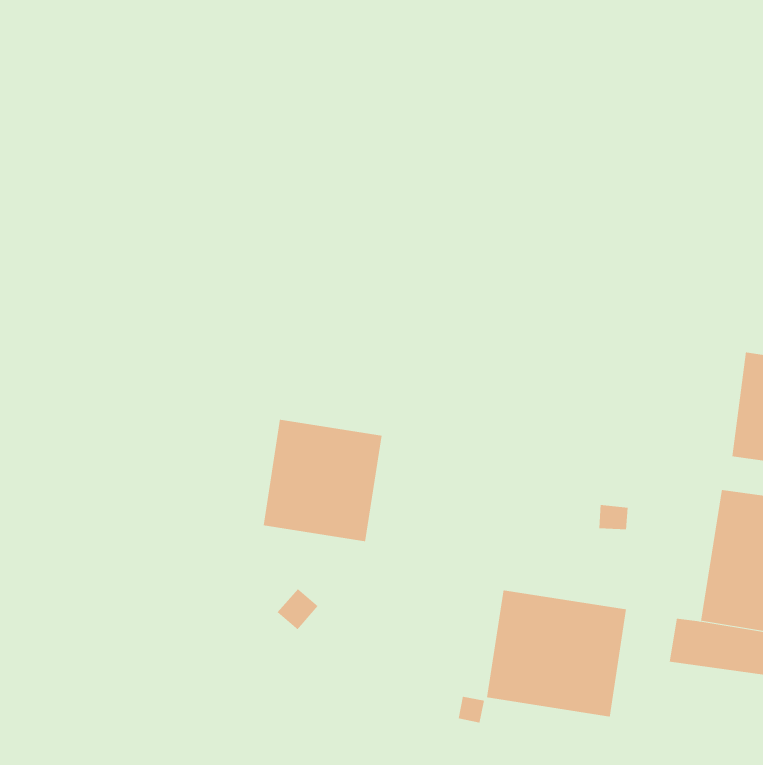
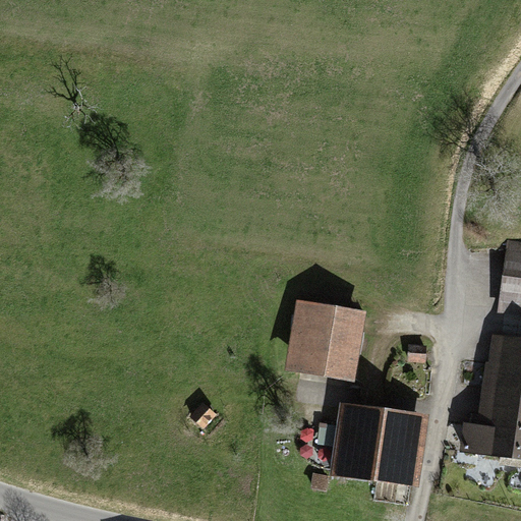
building: [263,419,382,542] -> [285,300,366,384]

